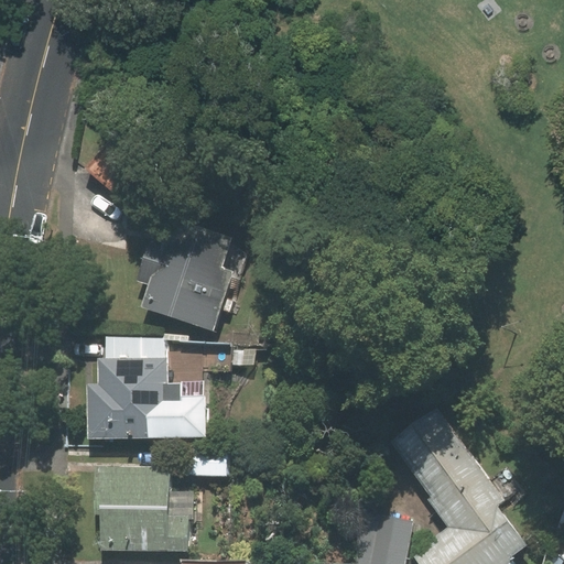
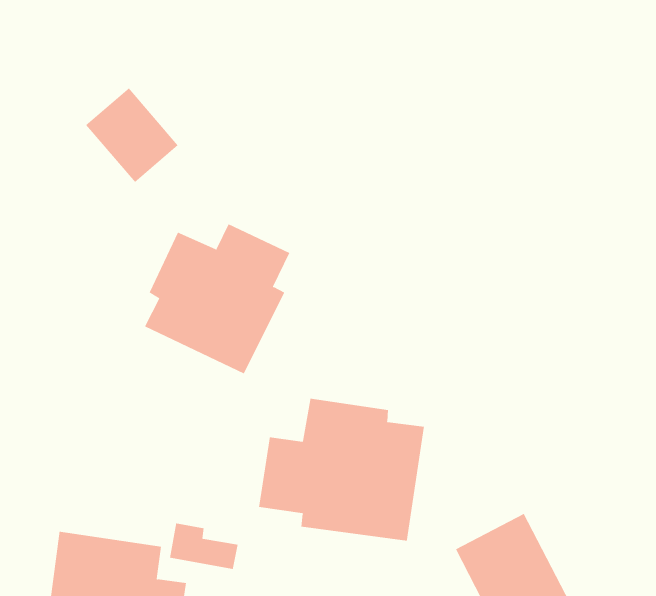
building: [85,336,210,440] -> none
building: none -> [258,398,425,541]

